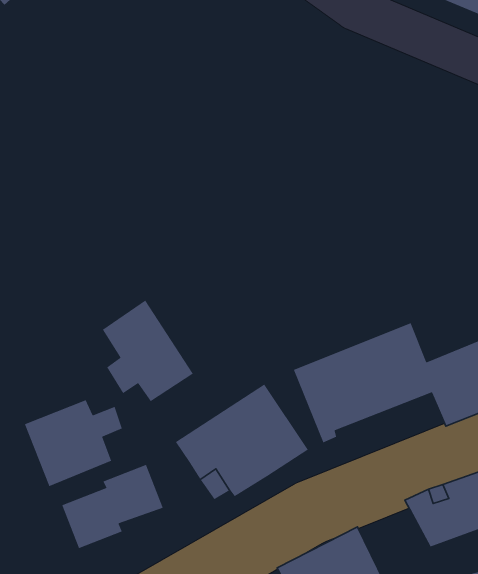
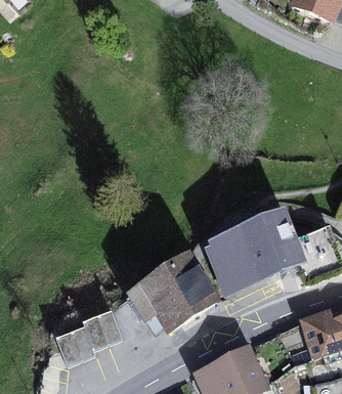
building: [102,300,194,402] -> none
building: [24,399,123,487] -> none

